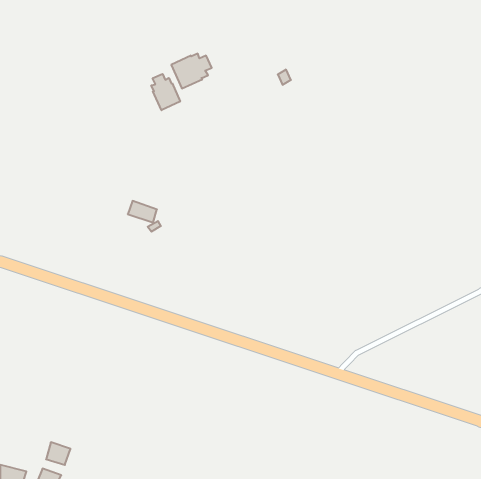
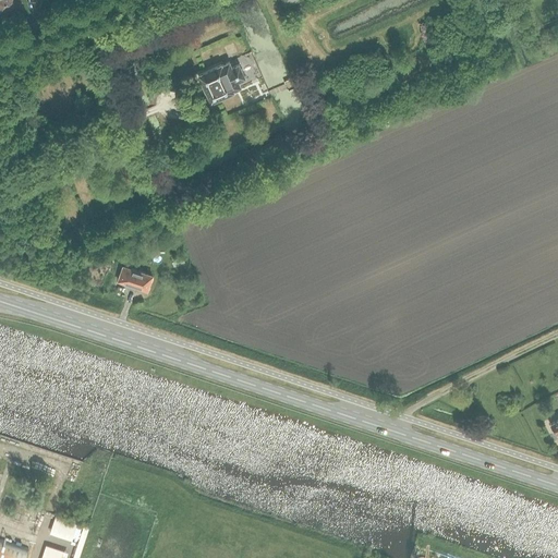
building: [151,74,180,110] -> none
building: [128,201,157,223] -> [118,268,151,293]

